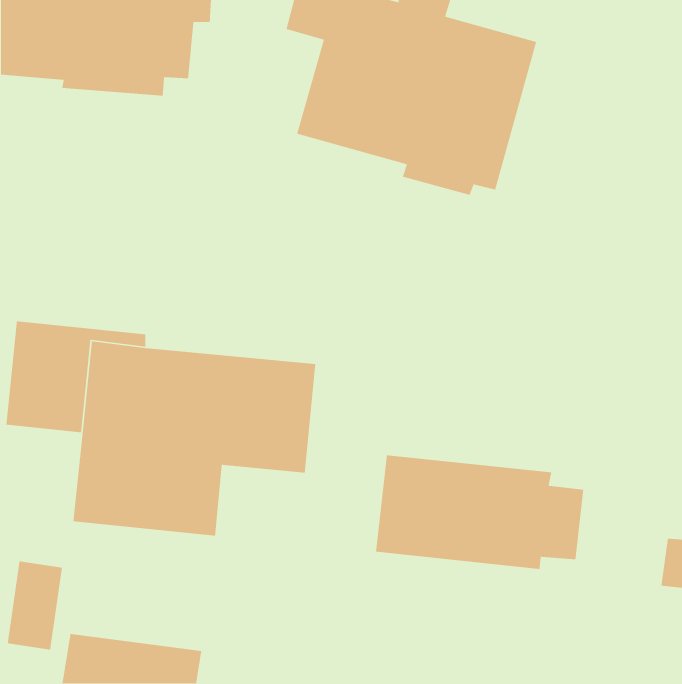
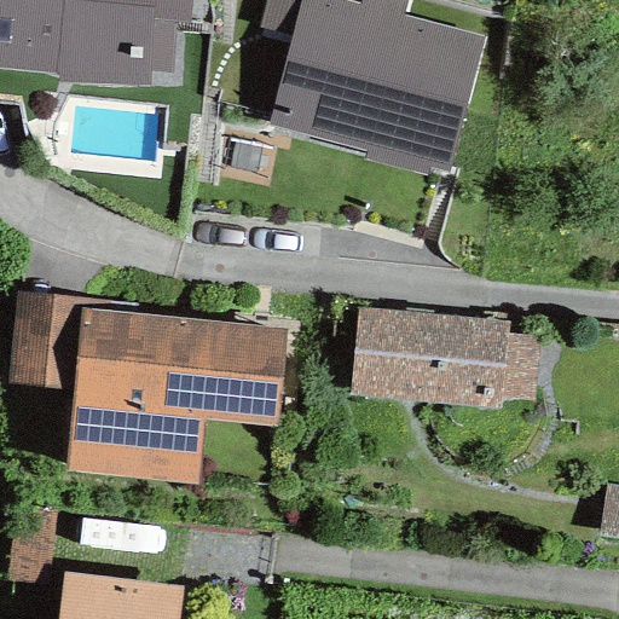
building: [375,454,584,570] -> [351,306,539,410]

